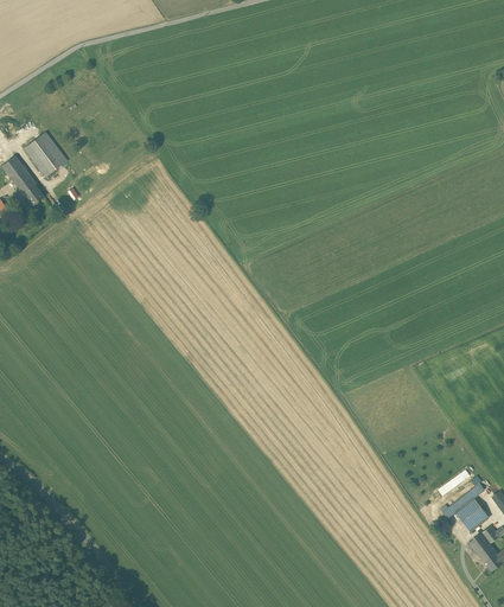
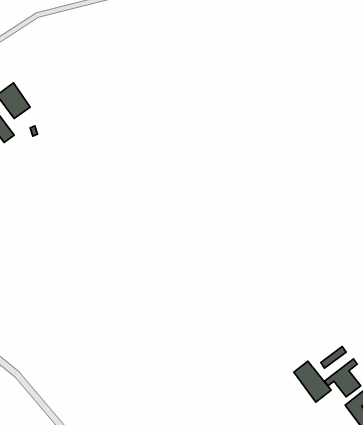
building: none -> [294,361,331,402]

